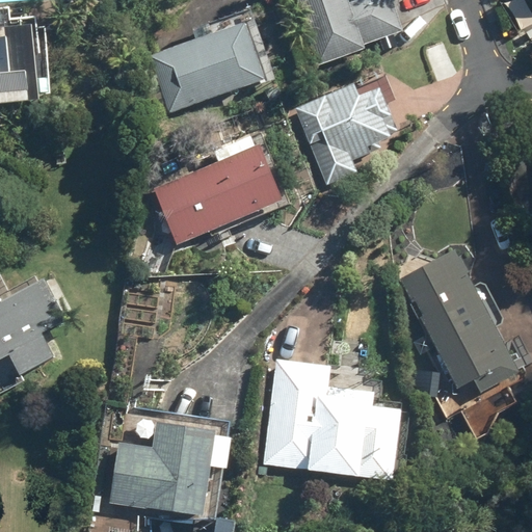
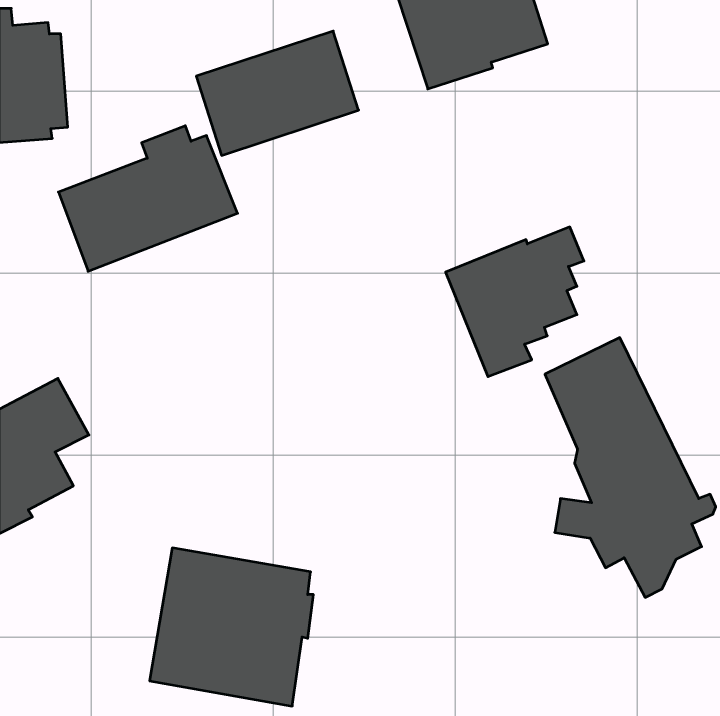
building: [294,74,396,184] -> [446,227,584,377]
building: [155,137,287,244] -> [58,126,238,271]
building: [260,357,401,483] -> none

